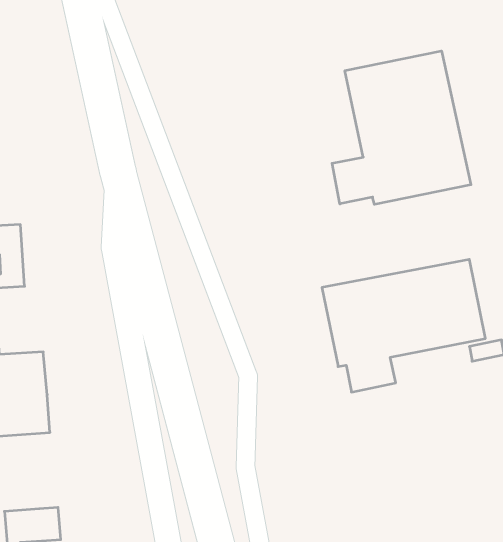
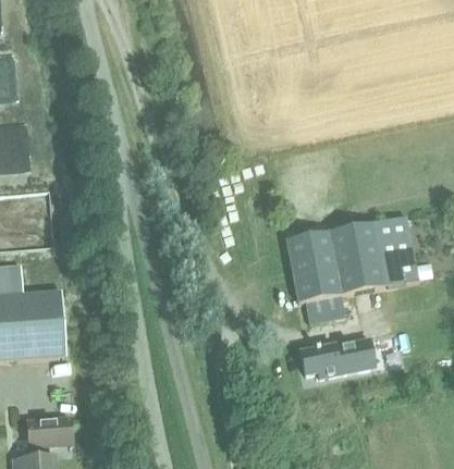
building: [332,51,471,204] -> none
building: none -> [300,338,375,378]

